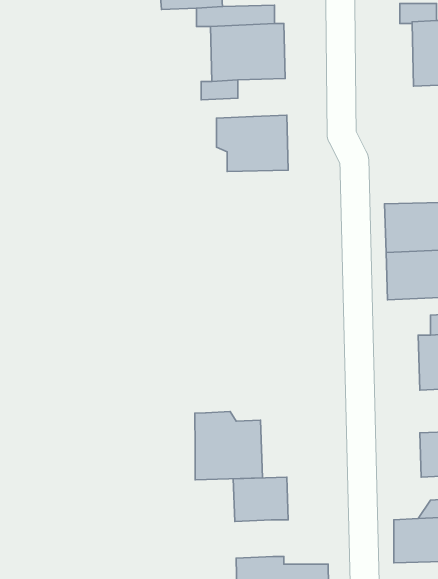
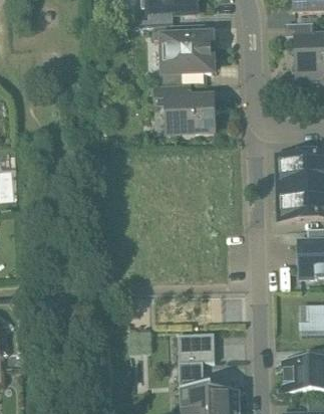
building: none -> [153,86,191,107]
building: [195,412,262,480] -> none
building: none -> [179,364,204,389]

